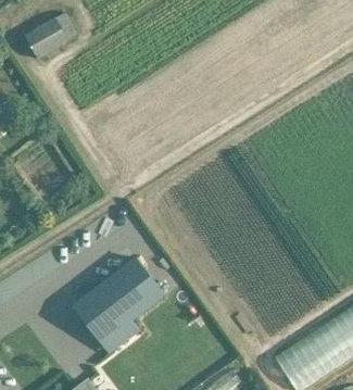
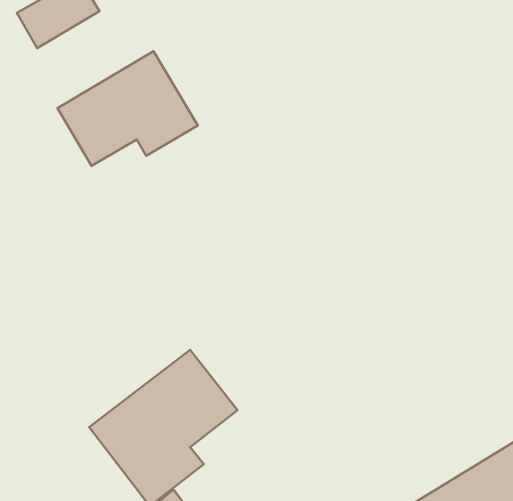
building: none -> [58,51,198,166]

